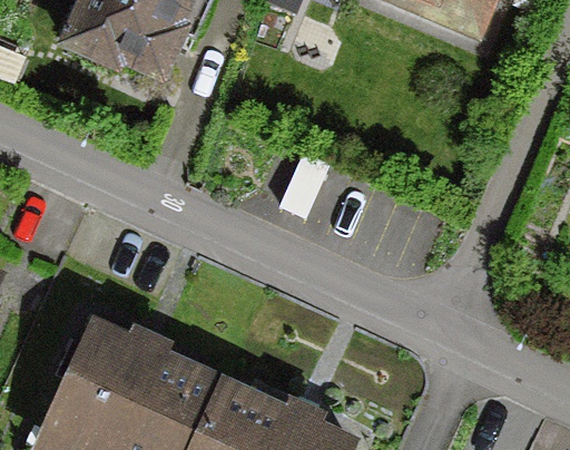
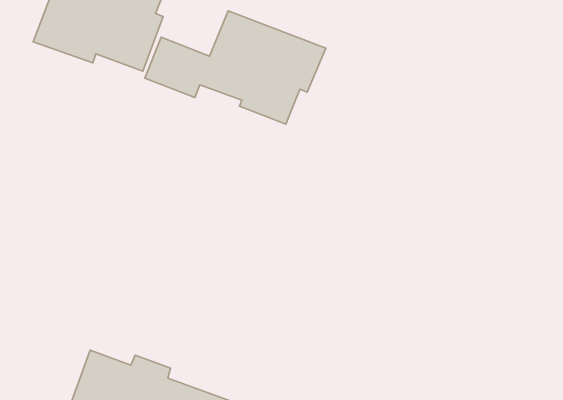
building: none -> [145,11,326,124]

